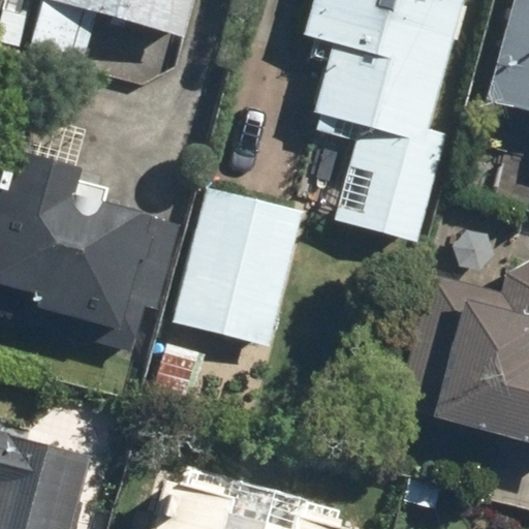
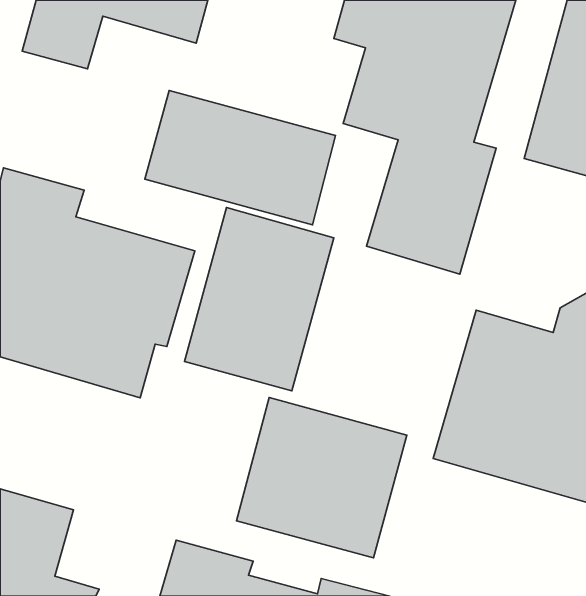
building: none -> [145,91,336,225]
building: none -> [237,398,407,558]

